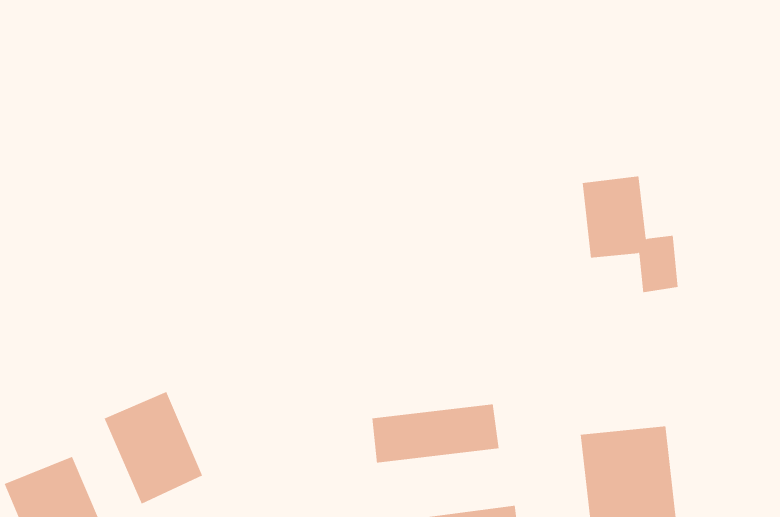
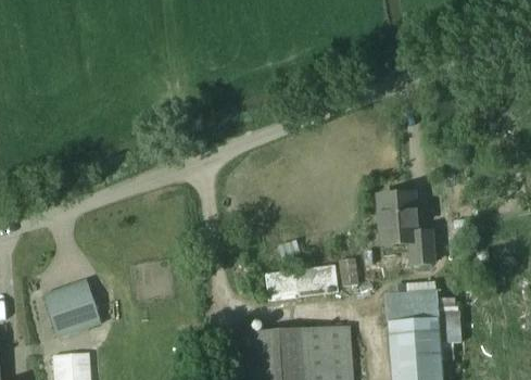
building: [582,176,678,293] -> [377,195,431,266]
building: [104,391,203,504] -> none

